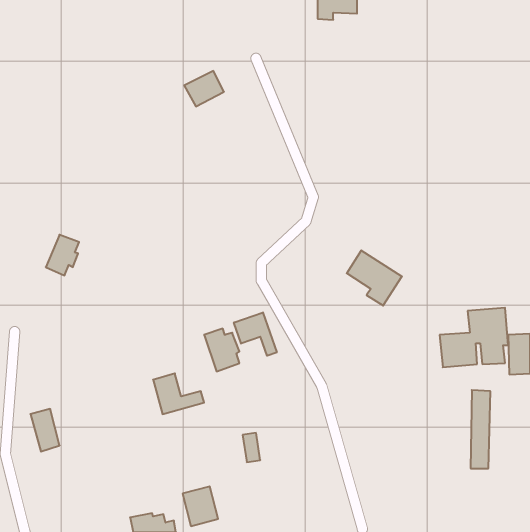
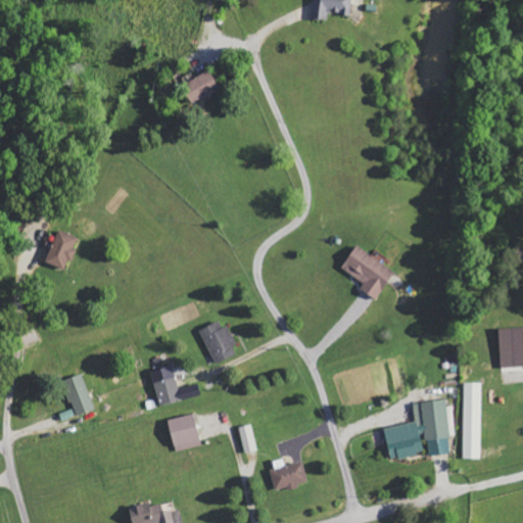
building: [440,308,508,367] -> [385,399,453,458]
building: [234,312,277,356] -> none
building: [30,409,60,452] -> [63,374,92,416]
building: none -> [270,459,306,490]
building: [183,486,218,526] -> [167,413,201,451]

